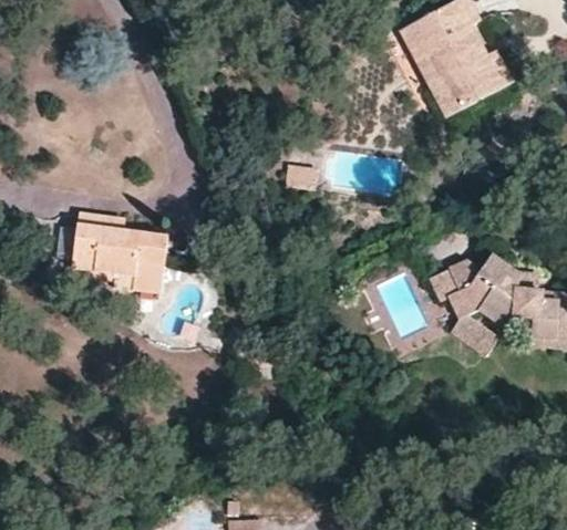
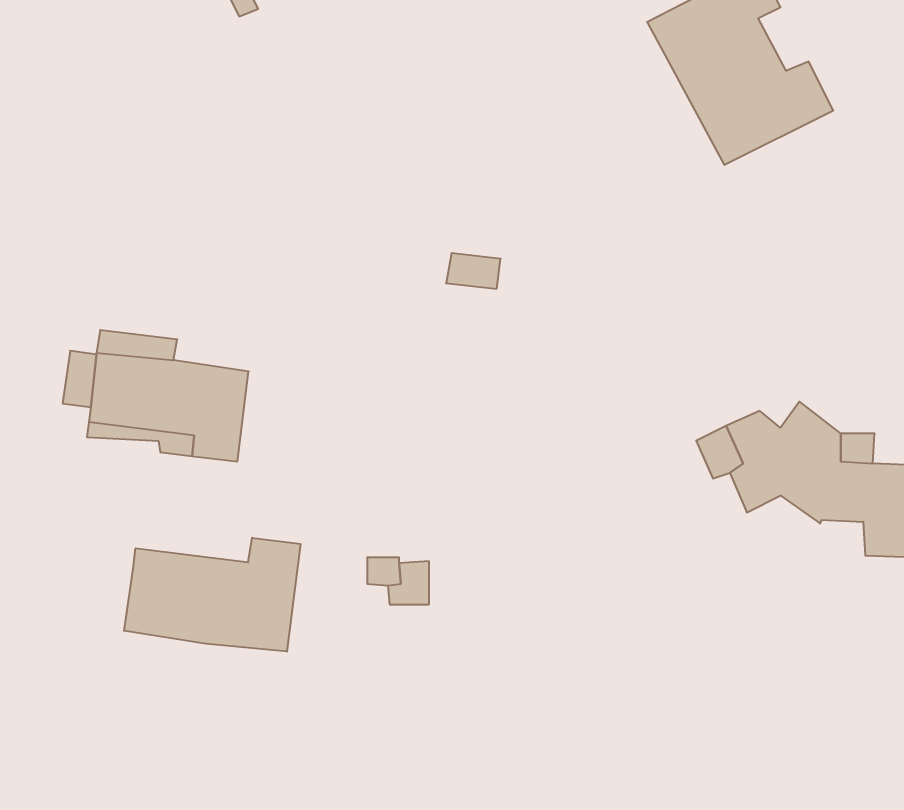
building: [453,309,504,352] -> none
building: none -> [124,538,300,652]

